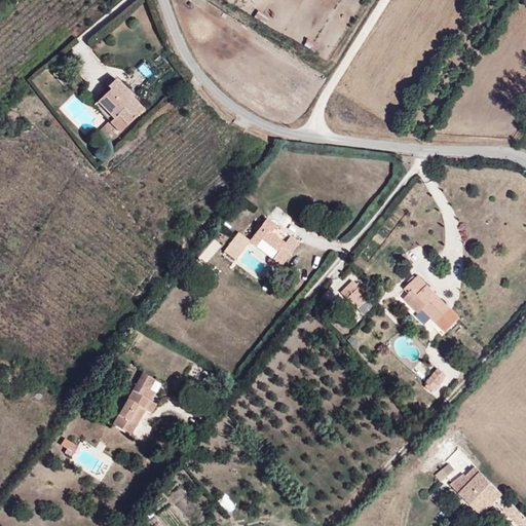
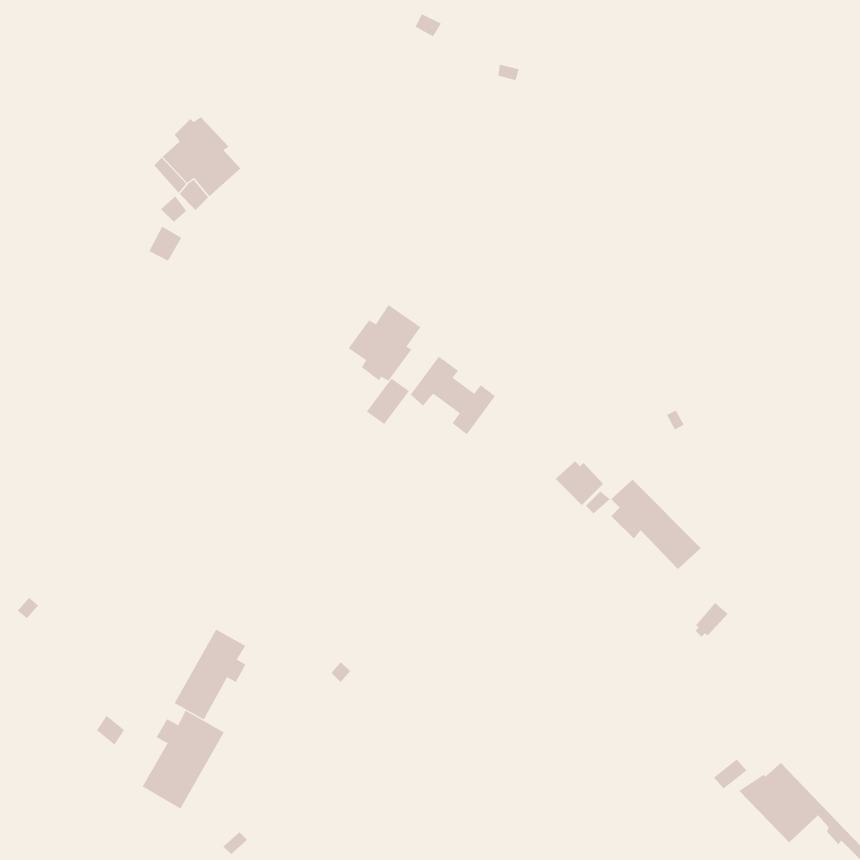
building: none -> [348,304,421,382]
building: [404,277,459,333] -> [610,479,701,570]
building: none -> [142,710,224,809]

